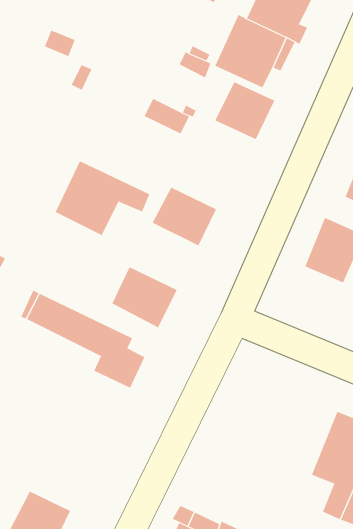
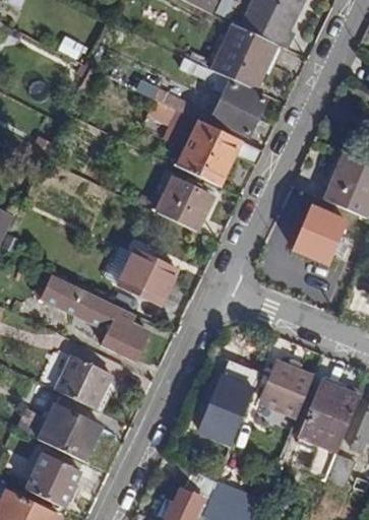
building: [55,161,150,236] -> [176,119,262,187]
building: none -> [54,355,111,409]
building: none -> [200,361,253,445]
building: none -> [259,362,312,416]
building: none -> [38,404,102,461]

